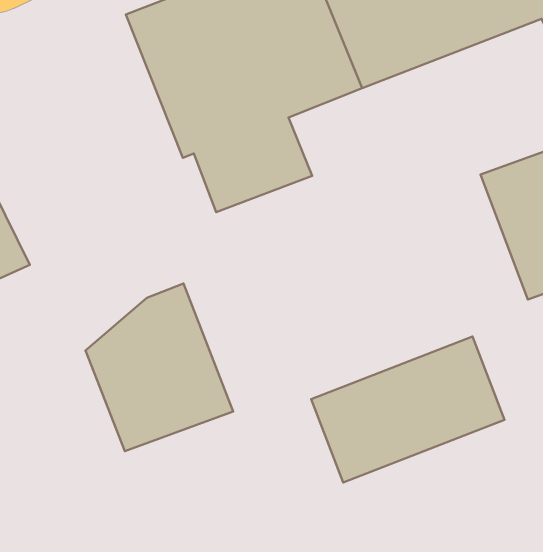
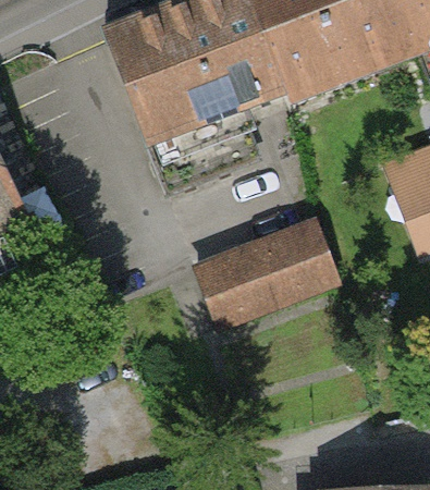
building: [86,284,233,451] -> none
building: [311,336,504,482] -> [193,216,344,330]

